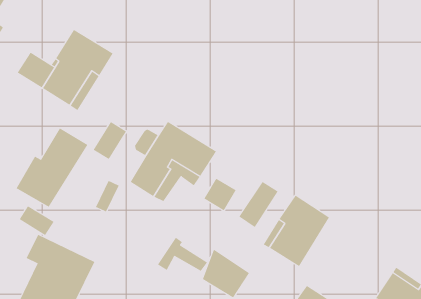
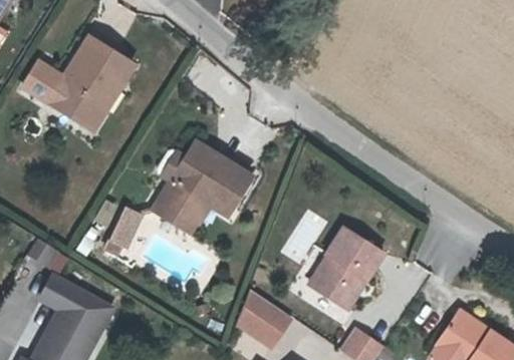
building: [93,121,127,160] -> none
building: [16,127,88,208] -> none
building: [203,178,237,211] -> none
building: [157,237,208,272] -> none

